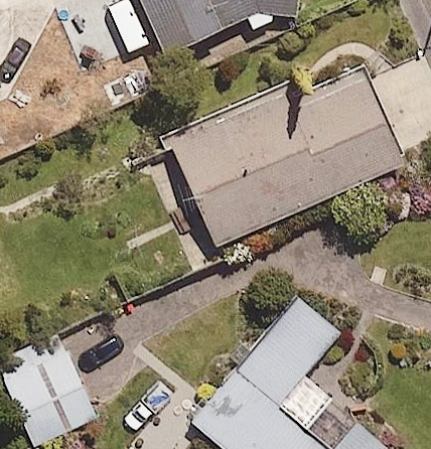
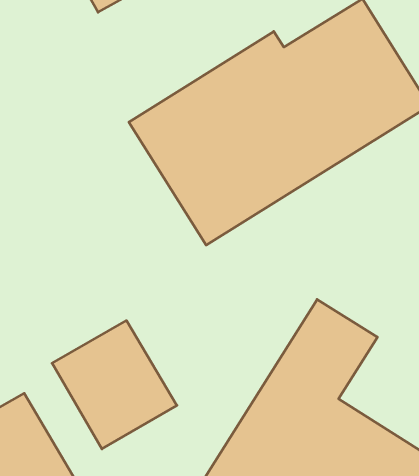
building: none -> [52,321,177,449]

